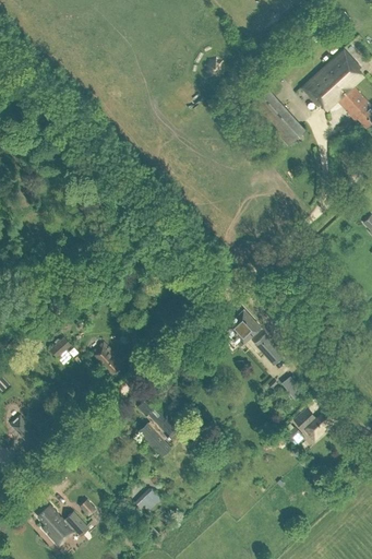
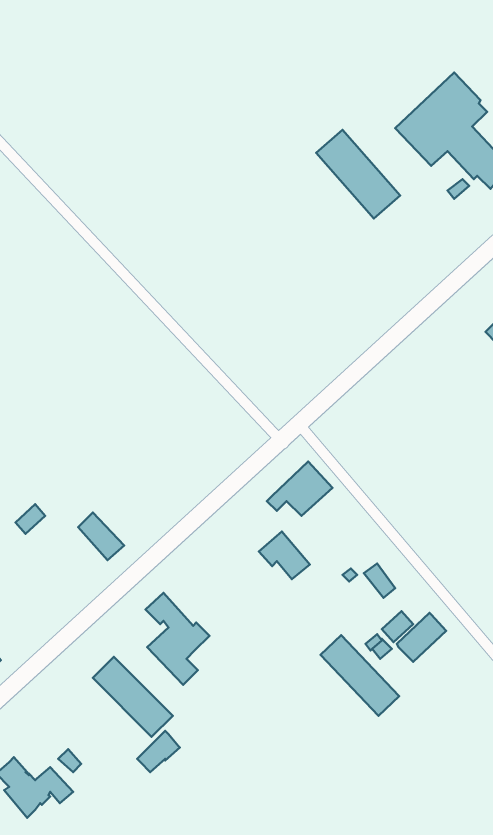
building: [250,334,284,366] -> [259,532,310,579]
building: none -> [321,635,399,716]
building: none -> [93,657,173,737]

